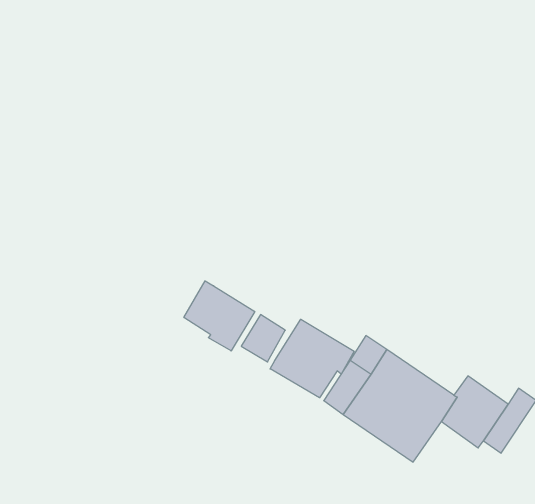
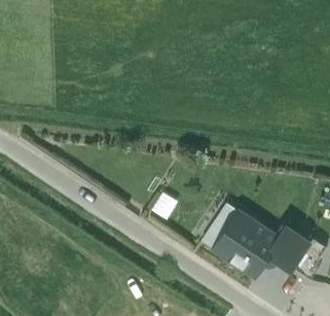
building: [184,281,255,351] -> none
building: [270,319,354,398] -> none

